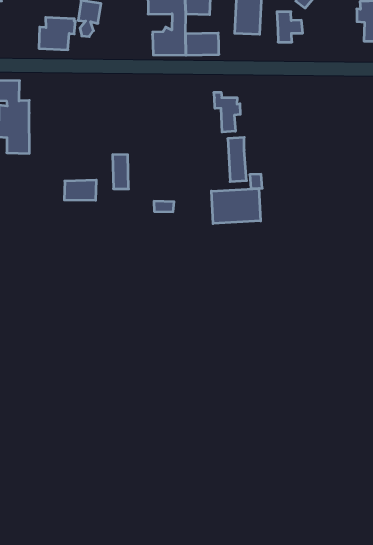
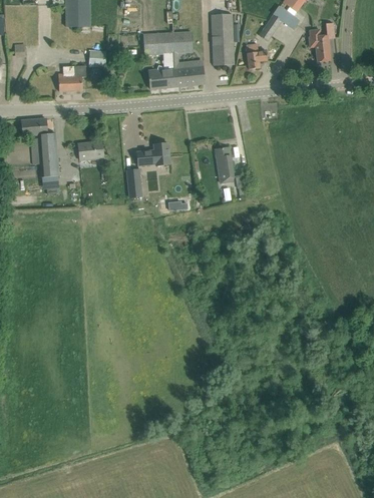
building: [214,92,240,132] -> none
building: none -> [136,143,169,165]
building: [64,180,96,200] -> [78,141,104,159]
building: [211,188,261,224] -> none

